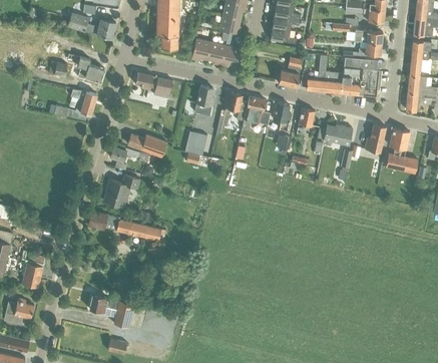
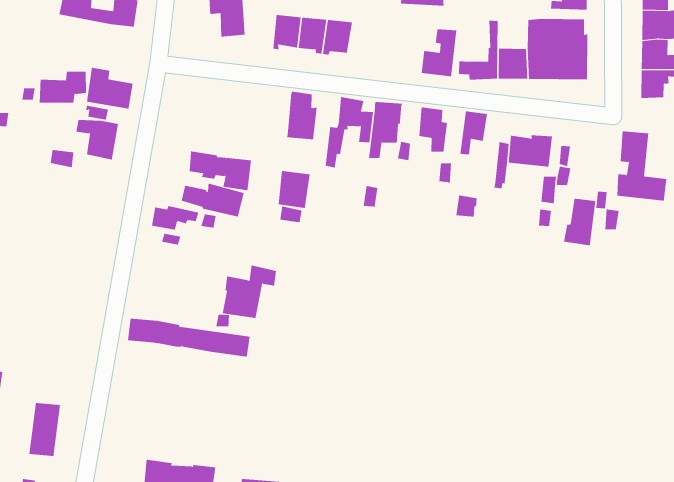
building: [134,71,172,98] -> [189,151,252,191]
building: [364,123,386,152] -> [563,198,596,246]
building: [103,174,138,207] -> [222,265,277,319]

